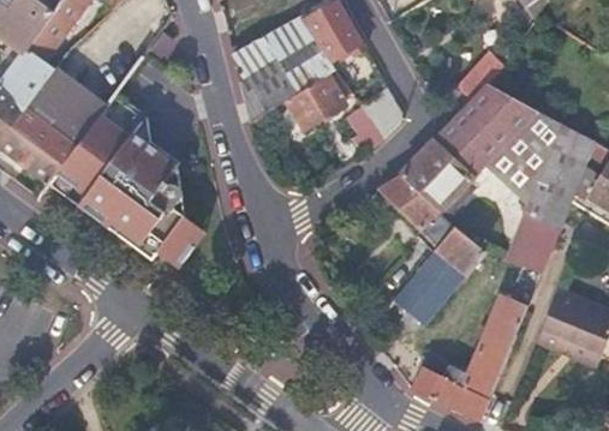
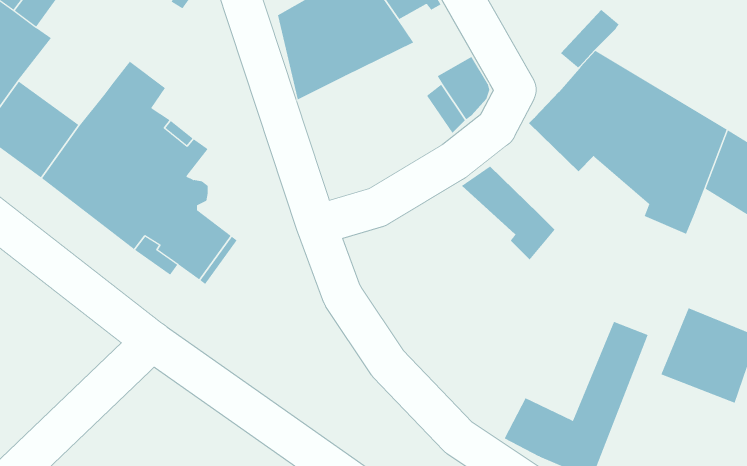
building: [30,72,105,140] -> none
building: [288,76,360,133] -> none
building: [402,139,472,210] -> none
building: [504,212,557,275] -> none
building: [394,223,482,323] -> none

